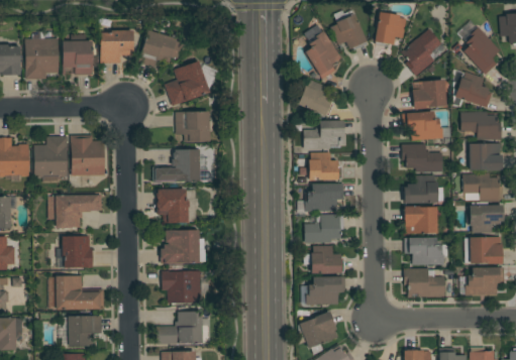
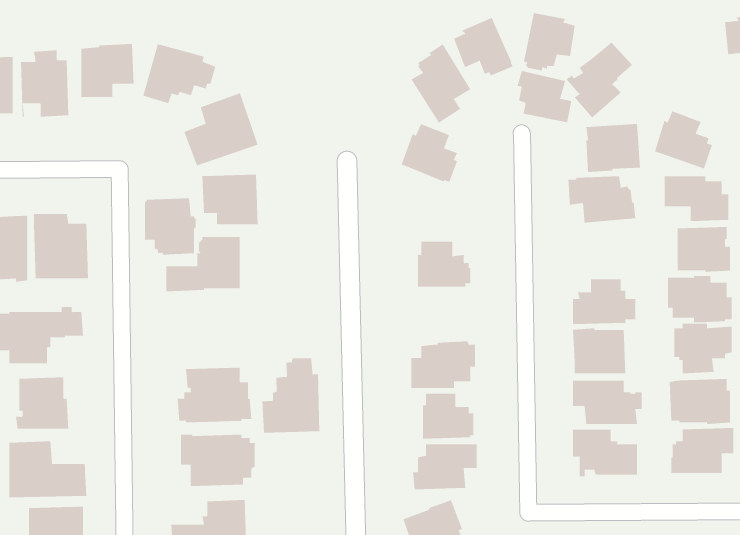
building: [462,27,500,75] -> none
building: none -> [517,70,572,123]
building: [303,121,344,149] -> none
building: [401,144,442,172] -> none
building: [304,184,343,212] -> none
building: [157,189,189,224] -> [144,198,196,255]
building: none -> [262,357,320,433]

